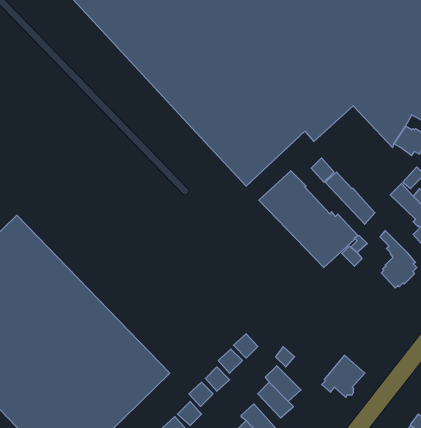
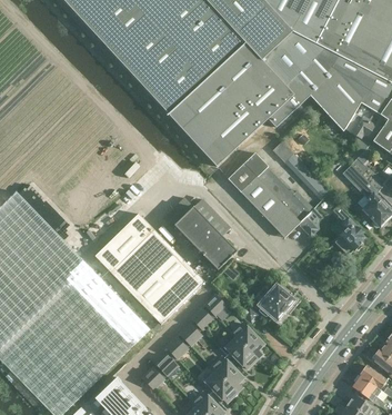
building: none -> [167,197,238,269]
building: none -> [94,214,204,324]
building: [322,355,365,397] -> [258,285,295,322]

